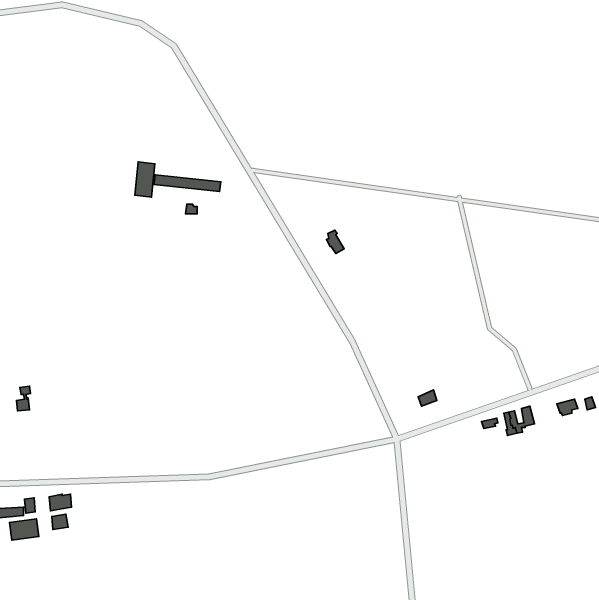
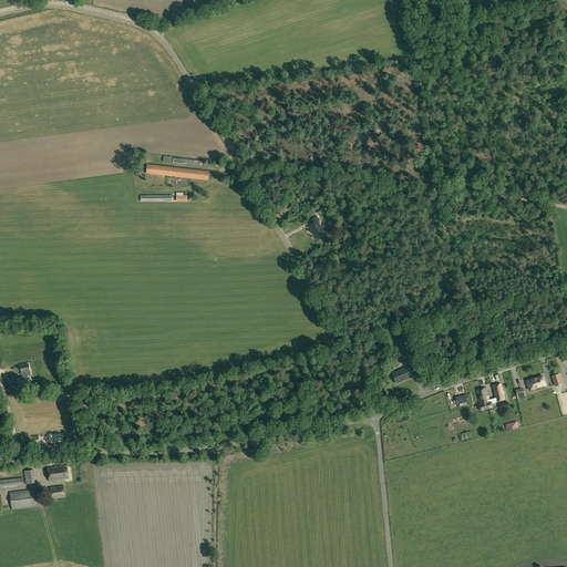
building: [135,162,155,197] -> none

